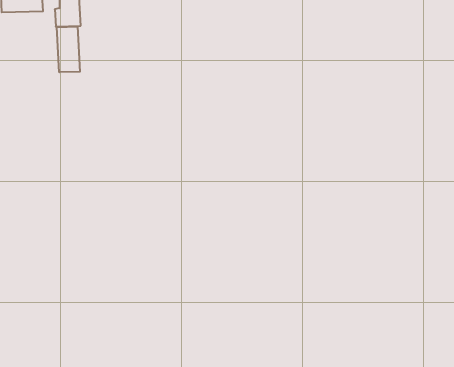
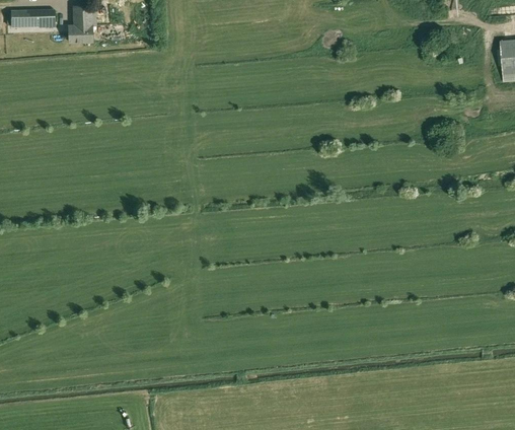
building: [57,27,80,72] -> none

